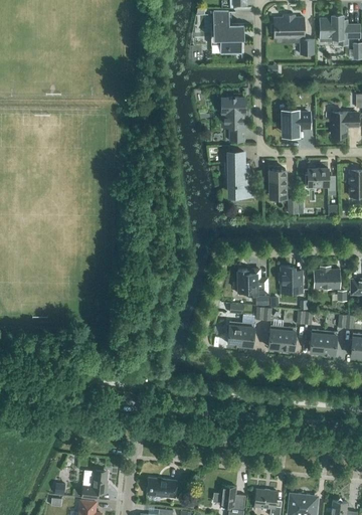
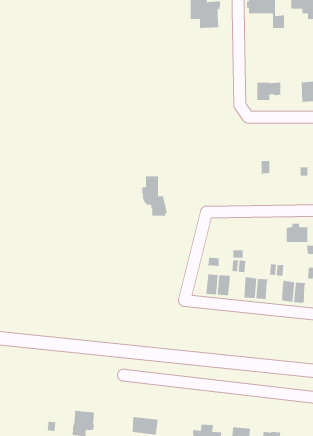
building: [221,98,245,142] -> none
building: [224,152,253,196] -> [141,176,168,216]
building: [268,169,286,194] -> none
building: [305,169,335,192] -> none
building: [280,268,302,290] -> none
building: [237,270,266,294] -> none

